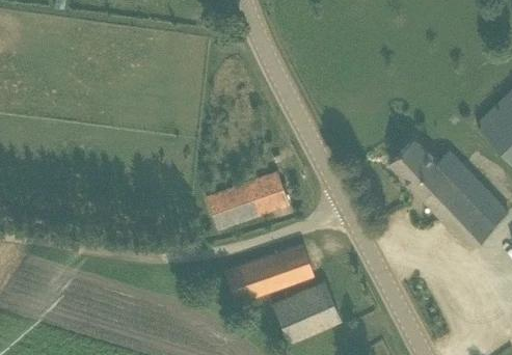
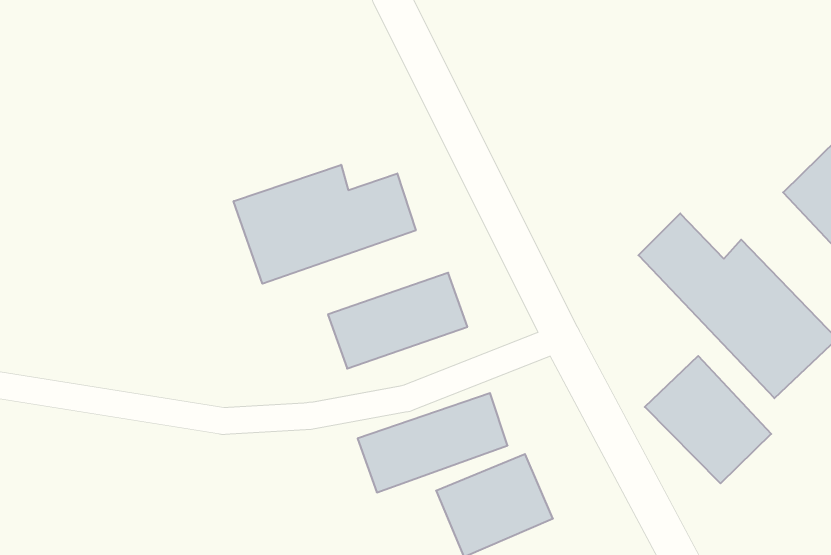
building: none -> [234,165,416,284]
building: none -> [645,356,771,483]

